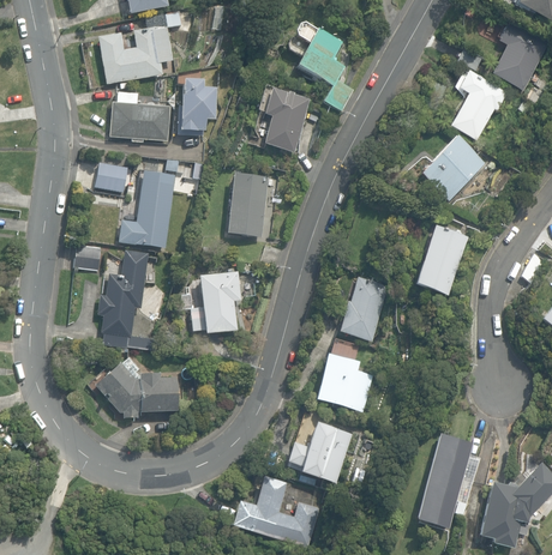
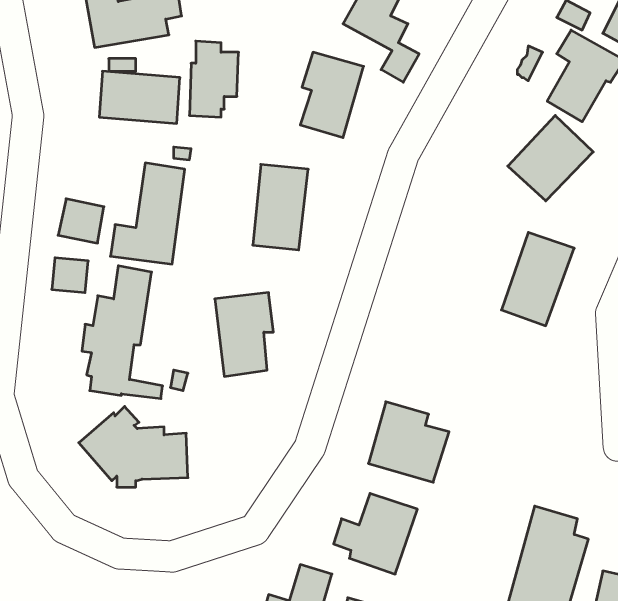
building: [94,159,128,193] -> [58,199,104,243]
building: [340,276,390,340] -> none

